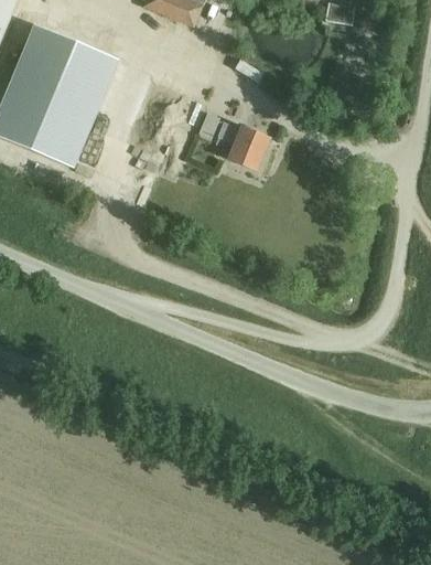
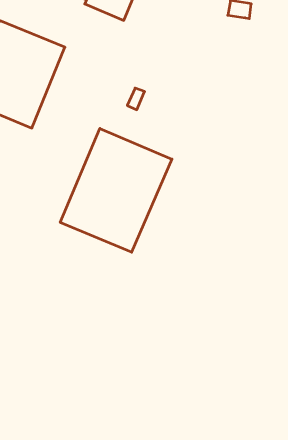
building: [214,122,269,170] -> none
building: none -> [60,128,172,252]

